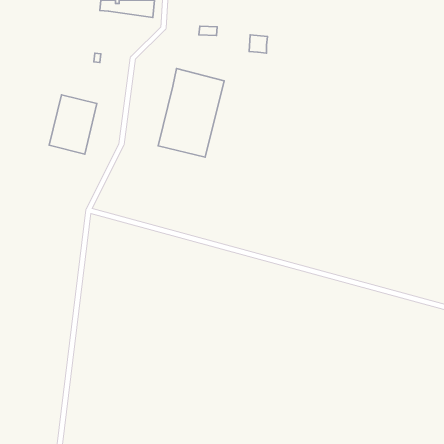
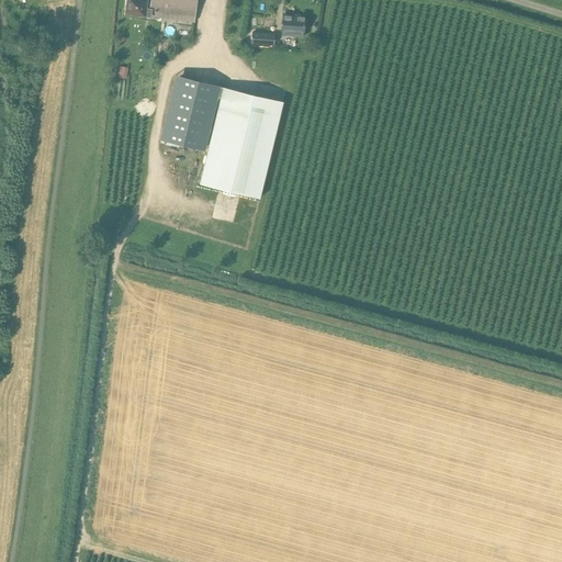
building: [249,35,267,53] -> [282,14,305,37]
building: [49,95,97,154] -> [160,76,221,150]

